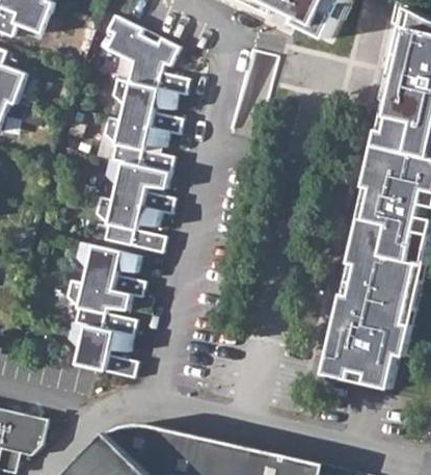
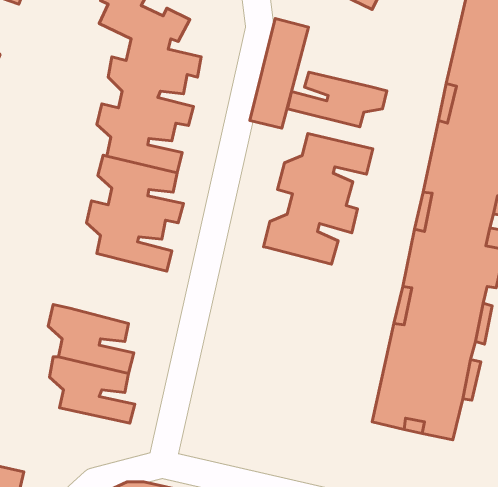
building: none -> [287,72,387,127]
building: none -> [263,133,373,264]
building: [73,240,141,297] -> none

